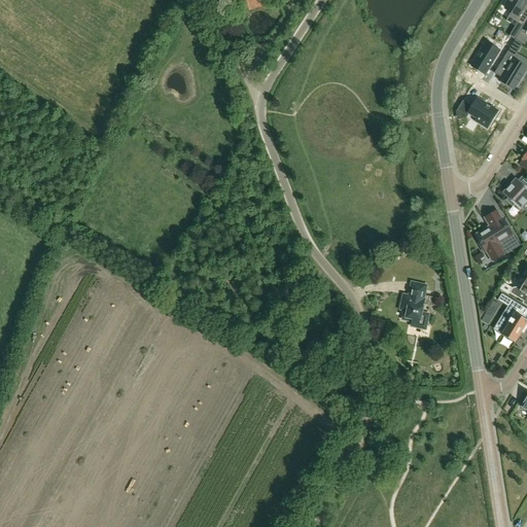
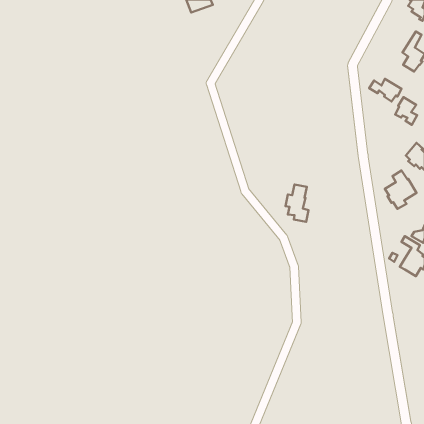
building: [472,44,499,74] -> none
building: none -> [395,97,417,125]
building: [401,282,430,328] -> [285,184,309,222]

